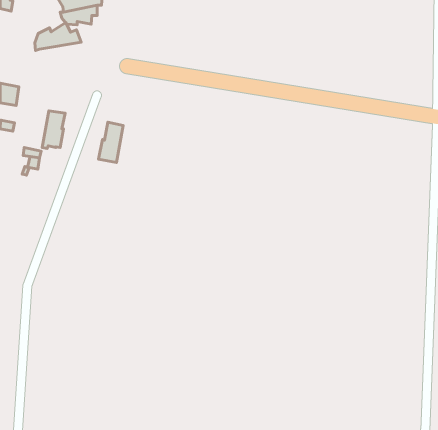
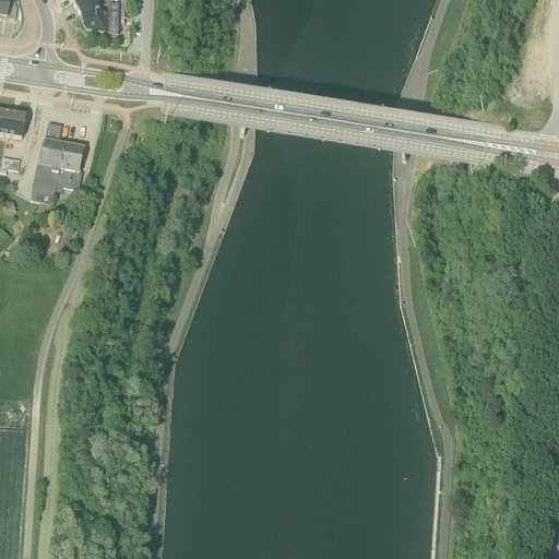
building: [35,23,81,51] -> none
building: [98,122,123,163] -> [32,136,63,188]

